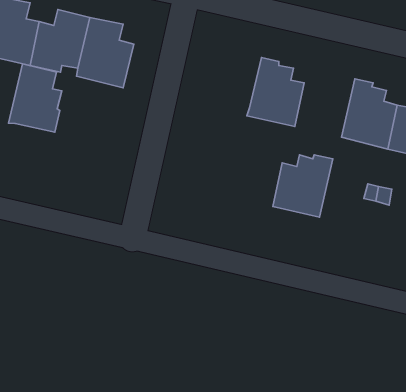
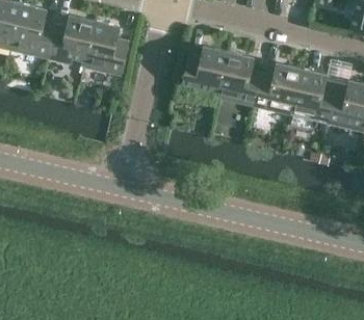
building: none -> [182,47,229,90]
building: [9,64,62,132] -> none
building: [273,155,333,217] -> [255,64,302,113]

